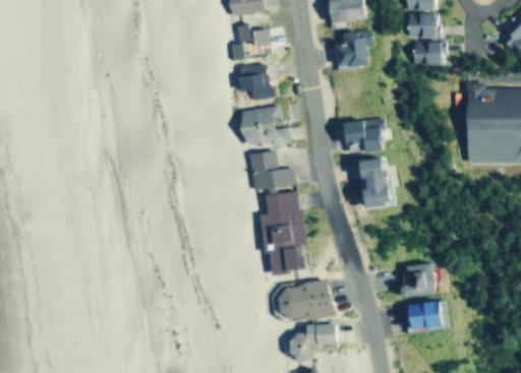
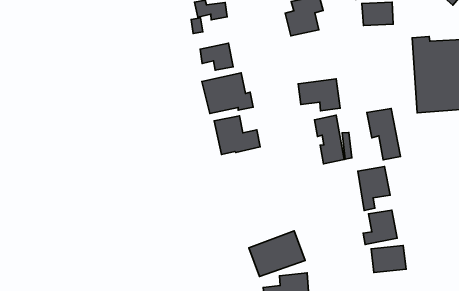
building: none -> [367,108,400,160]
building: [259,190,306,273] -> none
building: none -> [358,167,390,210]

